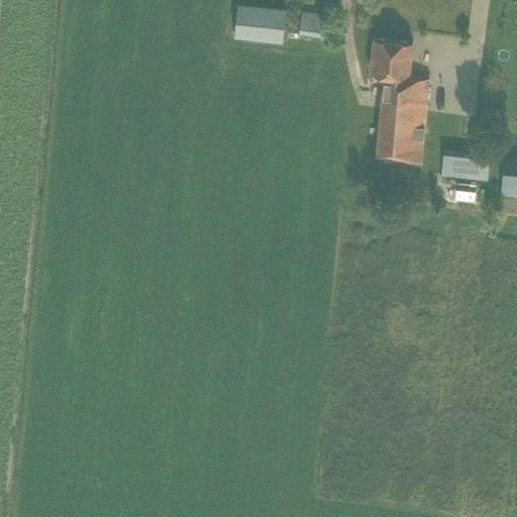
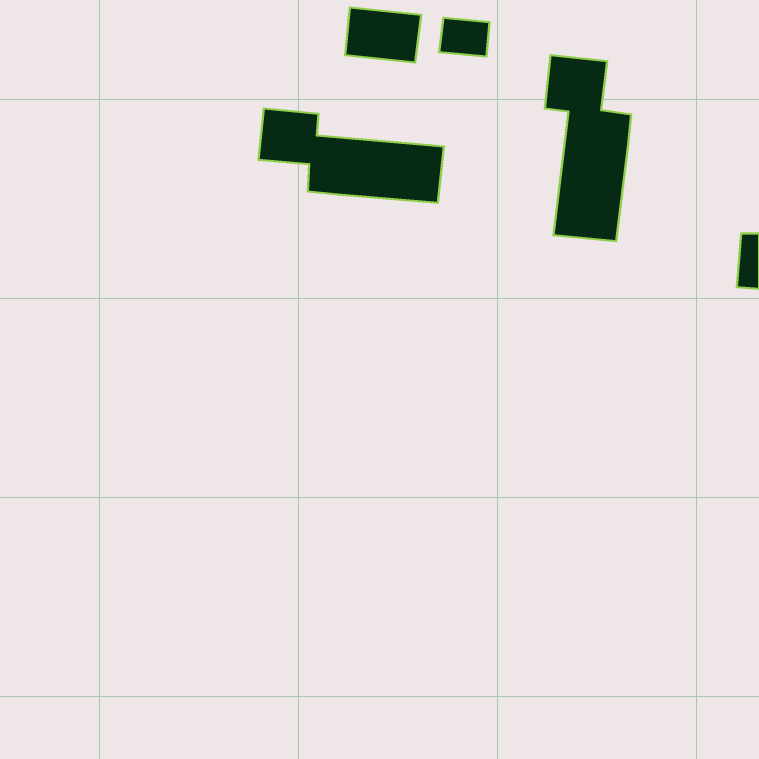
building: none -> [259,109,444,203]
building: [441,151,489,179] -> none

